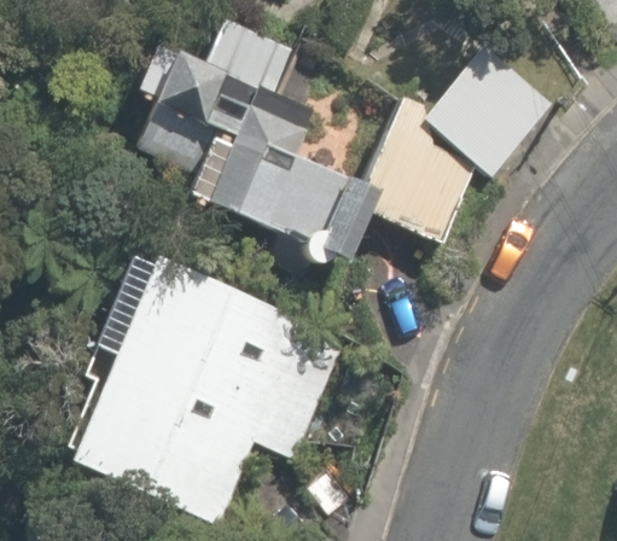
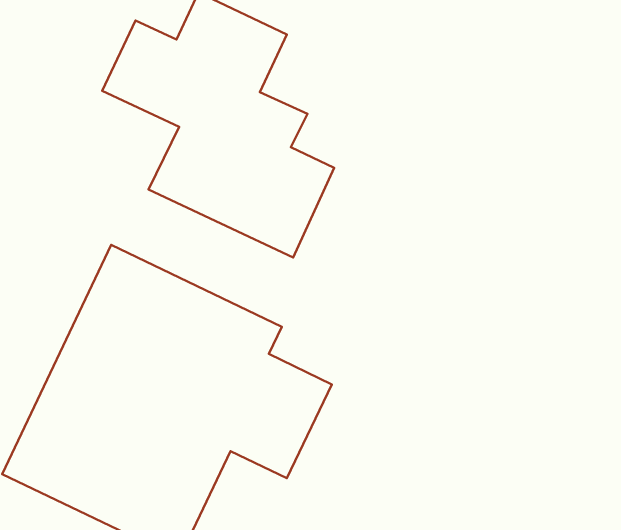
building: [359,40,561,246] -> none

